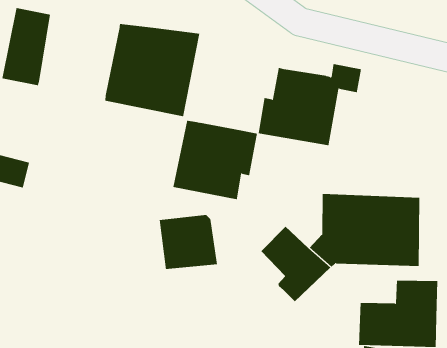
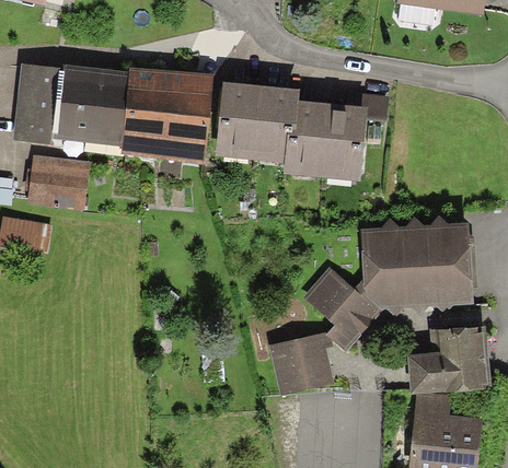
building: none -> [53,68,130,148]
building: none -> [27,155,90,209]
building: [172,120,258,200] -> [217,84,301,163]
building: [159,214,218,270] -> [270,331,336,393]

